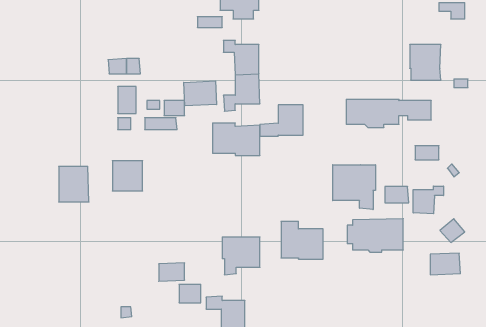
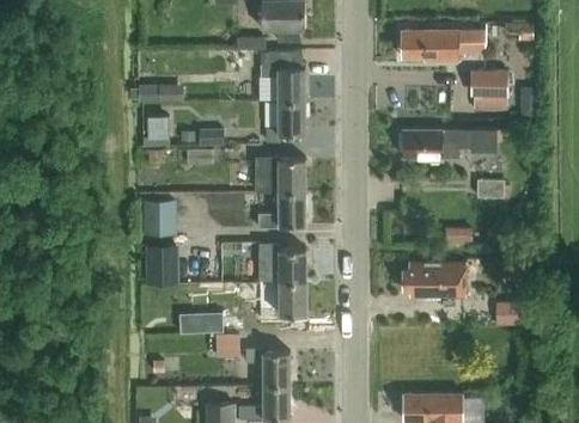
building: none -> [401,29,482,61]
building: [184,81,217,106] -> none
building: [260,105,303,136] -> [257,191,305,226]
building: [333,165,375,210] -> none
building: [59,166,89,202] -> [145,244,178,283]
building: [413,186,443,214] -> none
building: [281,221,323,259] -> [258,240,305,282]

